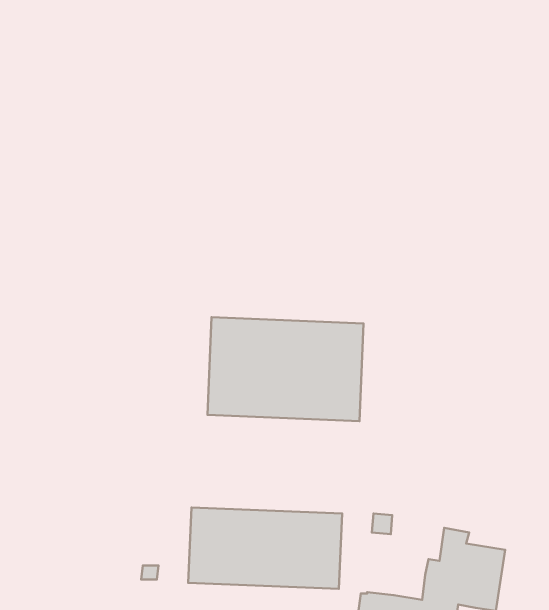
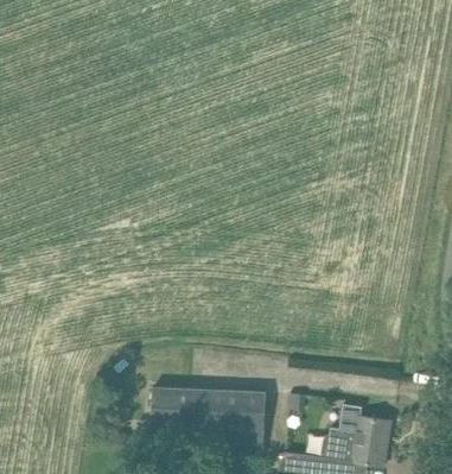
building: [207,317,364,421] -> none

